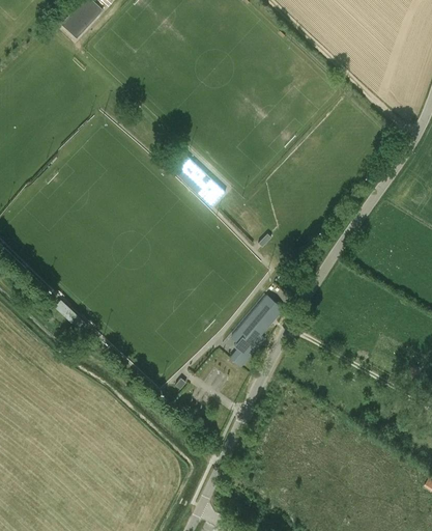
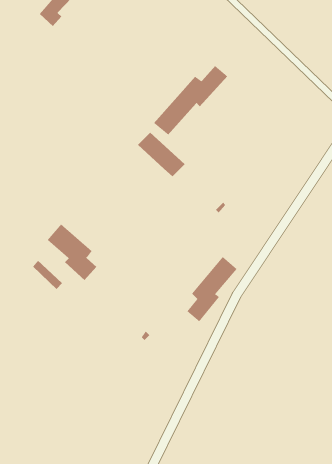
building: none -> [153,65,228,136]
building: none -> [47,224,97,281]

